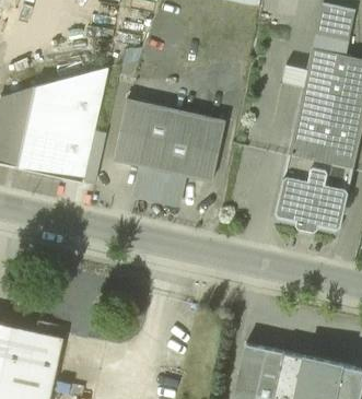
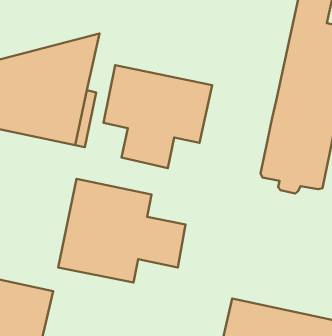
building: none -> [58,179,186,282]

